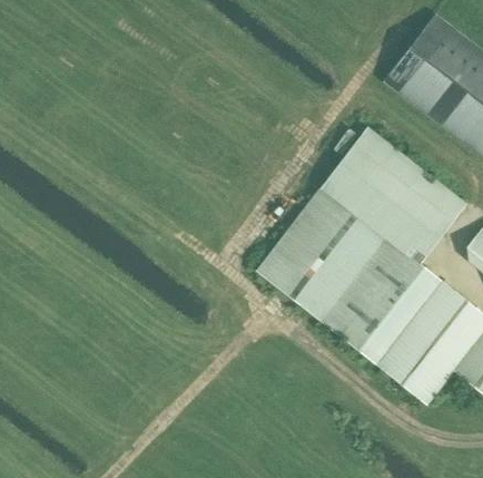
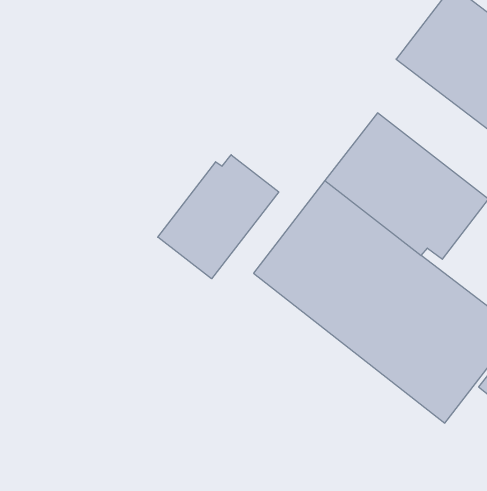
building: none -> [158,155,279,279]

